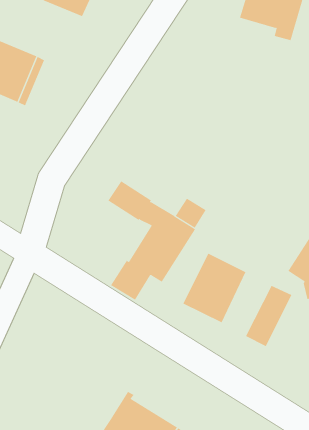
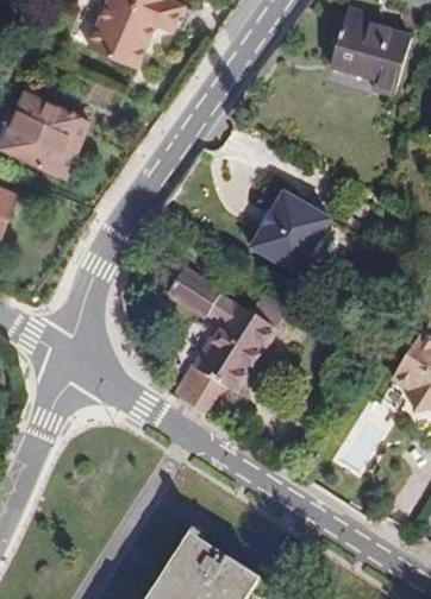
building: none -> [250,191,331,275]
building: [182,253,246,323] -> none

